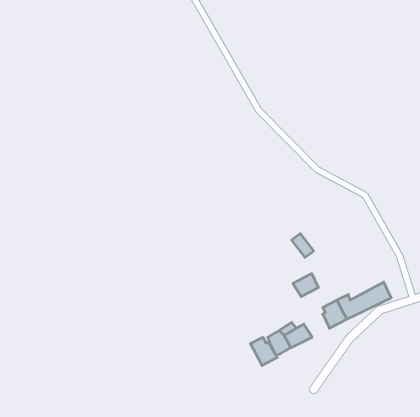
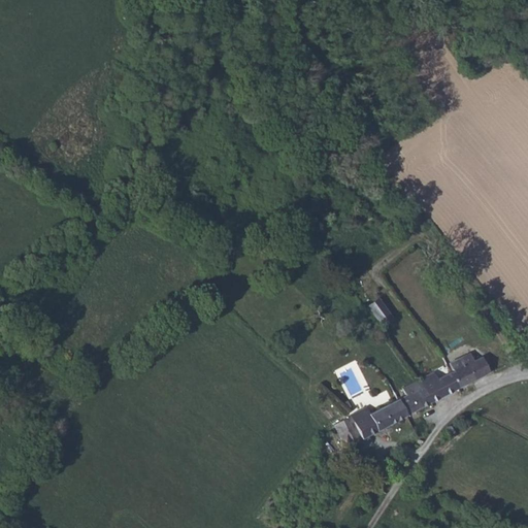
building: [293,274,318,297] -> [382,394,414,423]
building: [250,337,277,366] -> none

